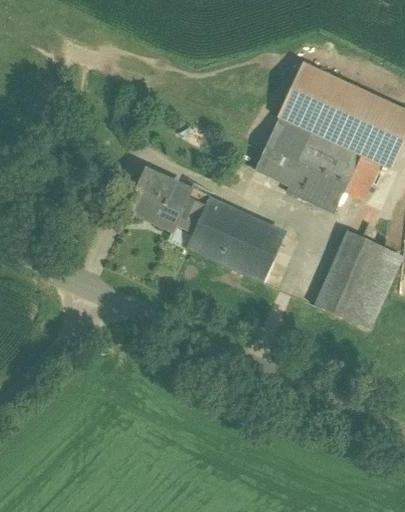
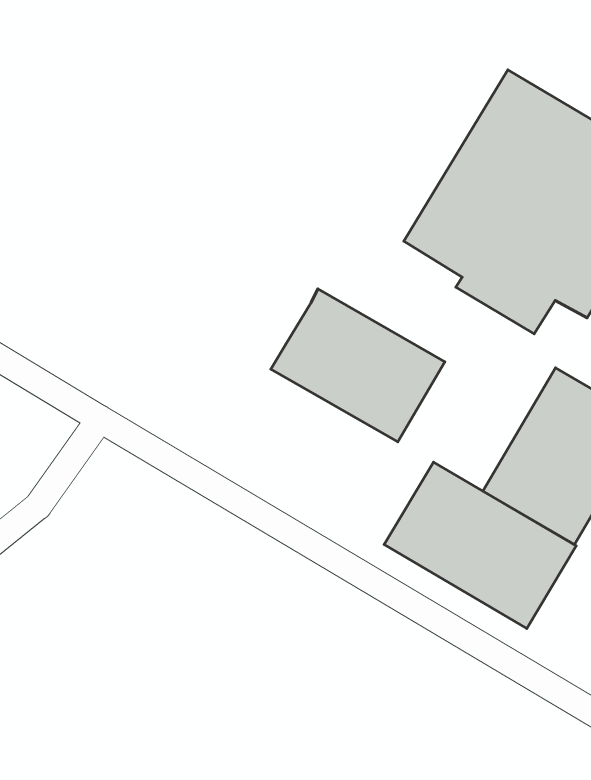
building: [128,170,206,232] -> none
building: none -> [384,462,576,629]

